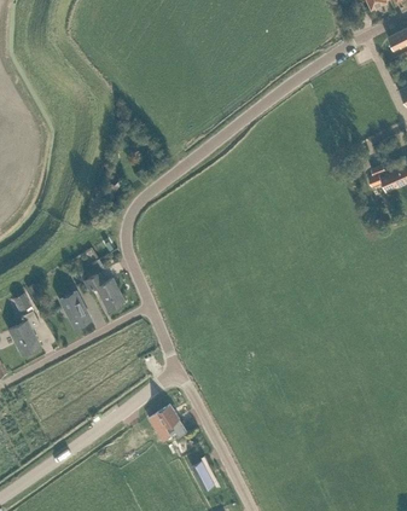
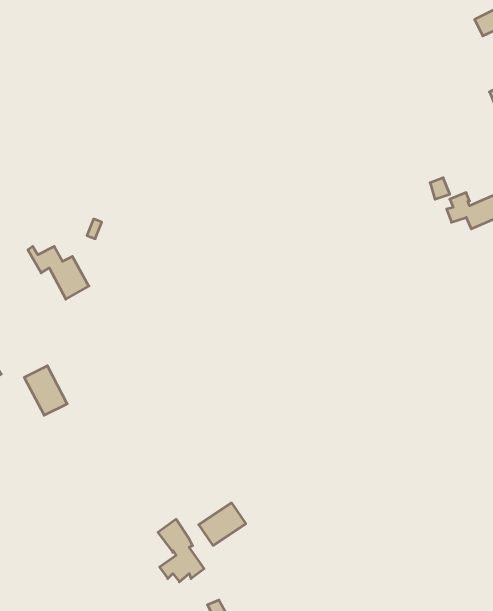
building: [80,273,124,312] -> [28,246,89,299]
building: none -> [199,503,246,545]

